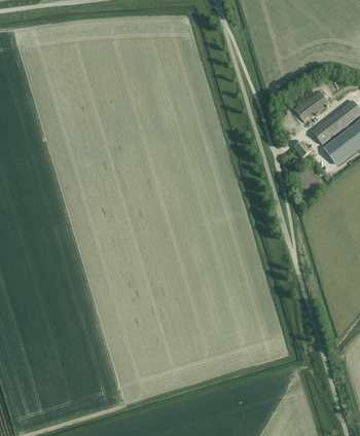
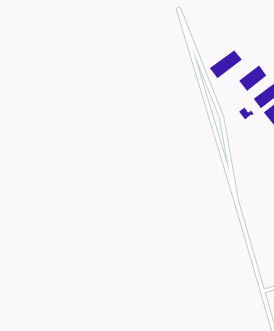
building: none -> [209,49,243,79]

